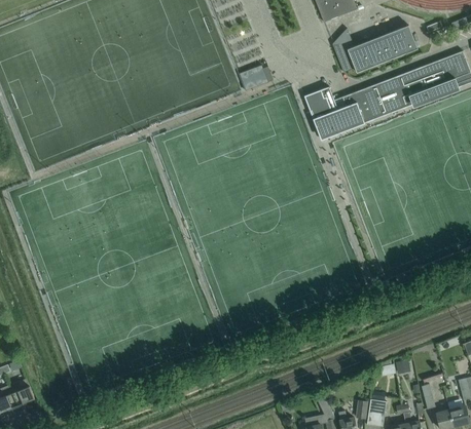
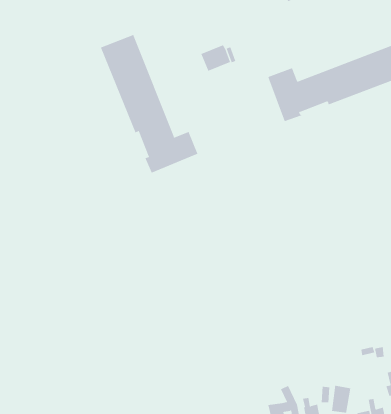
building: [332,26,418,73] -> none
building: none -> [100,34,198,173]

